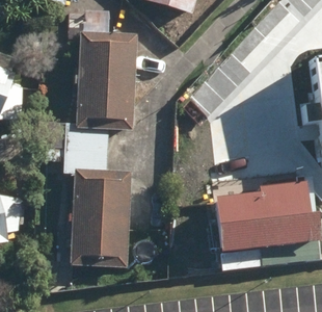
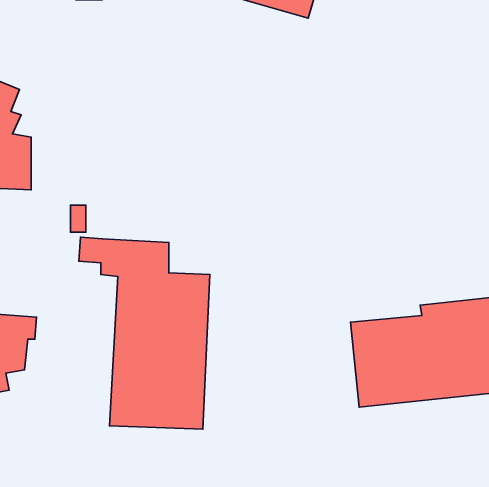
building: [64,12,136,153] -> none

